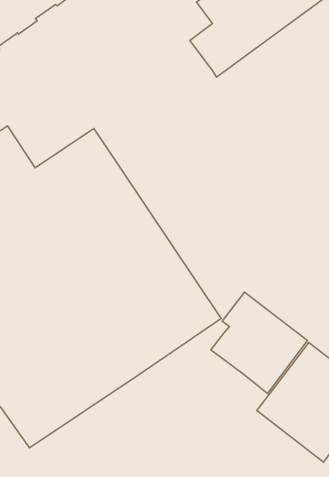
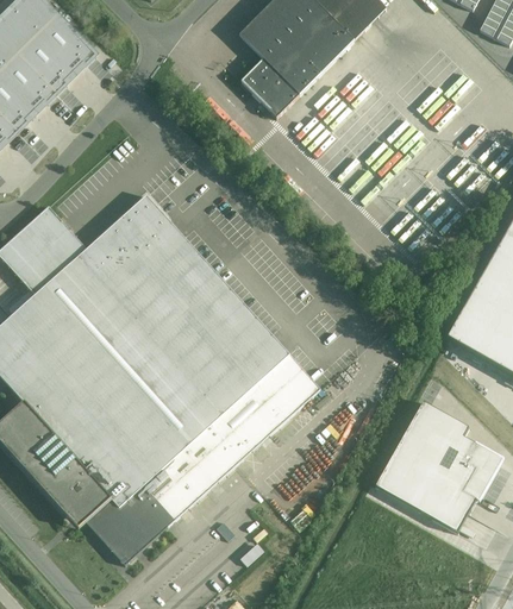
building: [211,292,308,393] -> none

